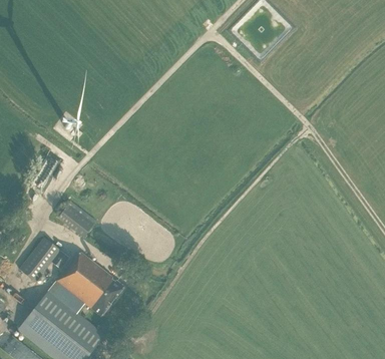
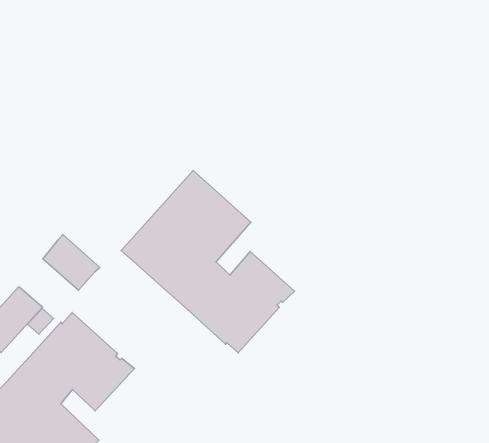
building: none -> [121,171,295,353]

